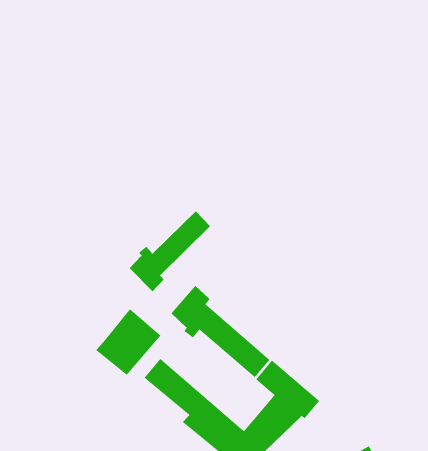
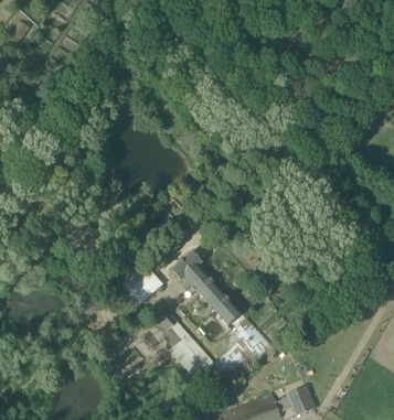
building: [129,211,211,292] -> none

